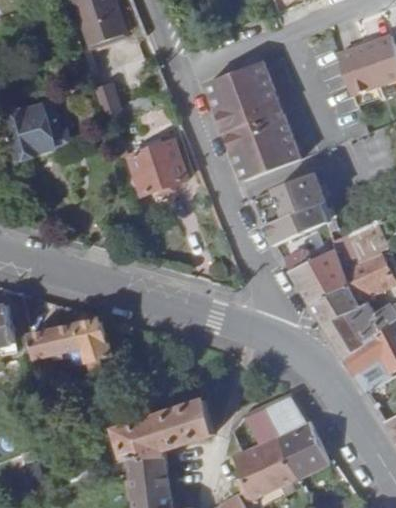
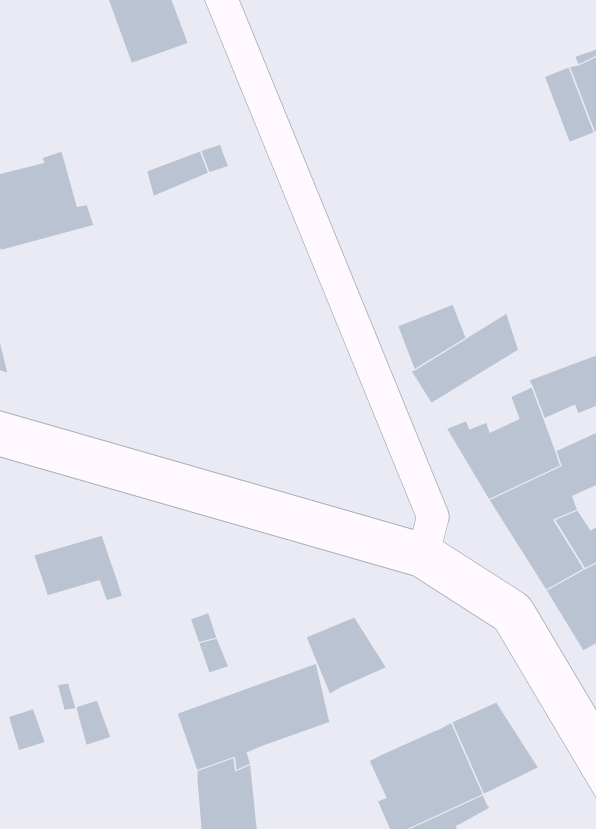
building: [204,58,298,181] -> none
building: [130,139,186,191] -> none
building: [76,317,113,369] -> none
building: [262,392,310,438] -> [306,617,387,694]

